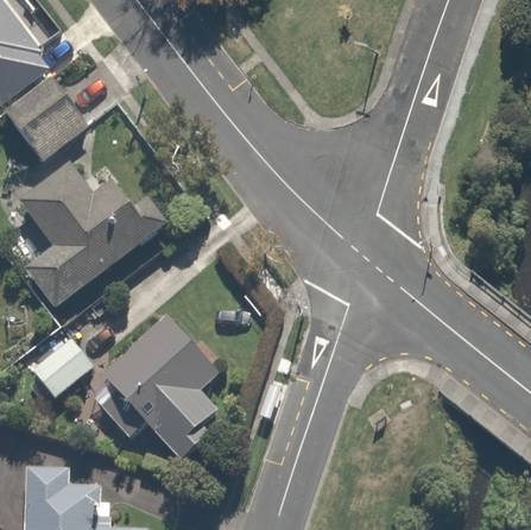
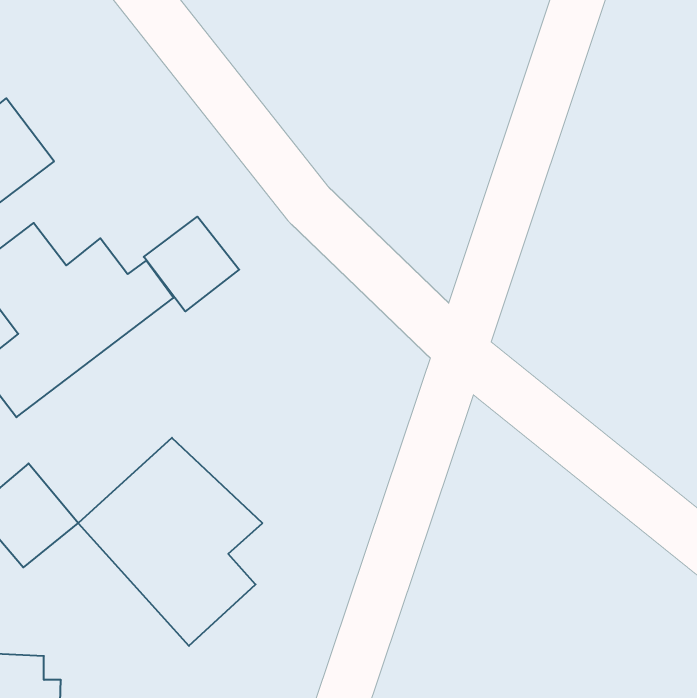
building: none -> [144,217,239,311]

